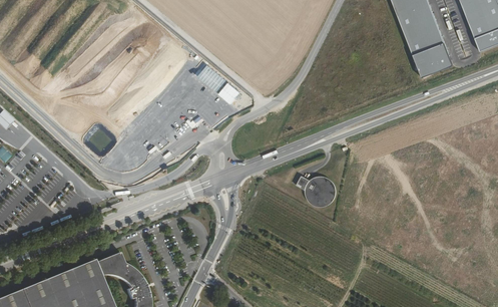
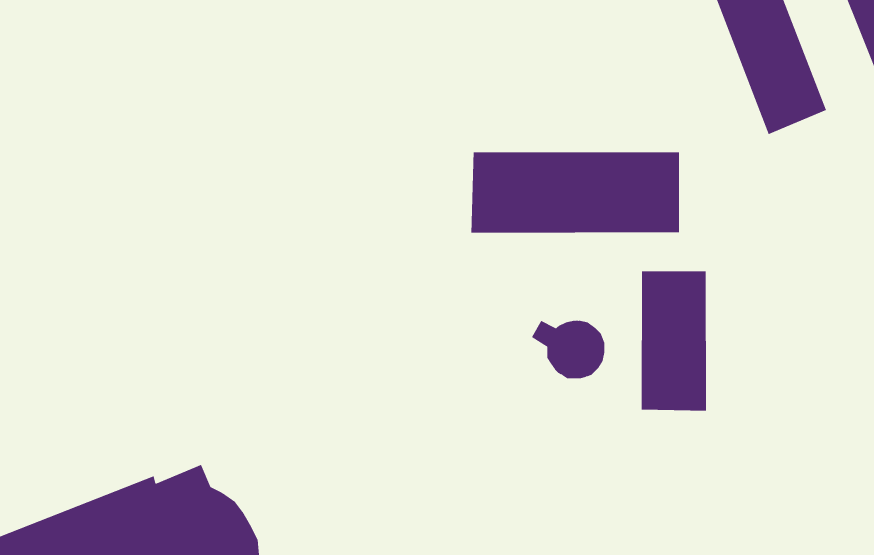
building: none -> [471,151,680,233]
building: none -> [641,271,707,412]

